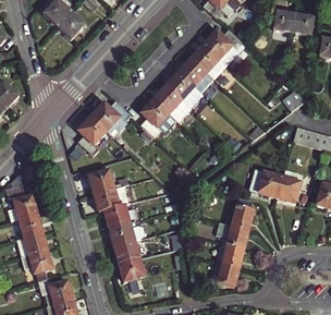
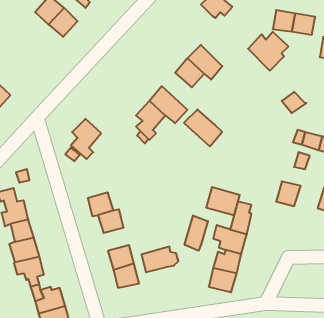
building: [204,28,243,65] -> [248,32,288,70]
building: [166,72,203,108] -> [184,109,222,146]
building: [91,101,131,134] -> none
building: [88,170,128,194] -> none
building: [249,170,282,197] -> [206,187,240,215]
building: none -> [185,215,208,251]
building: [109,220,145,245] -> [141,247,178,272]

